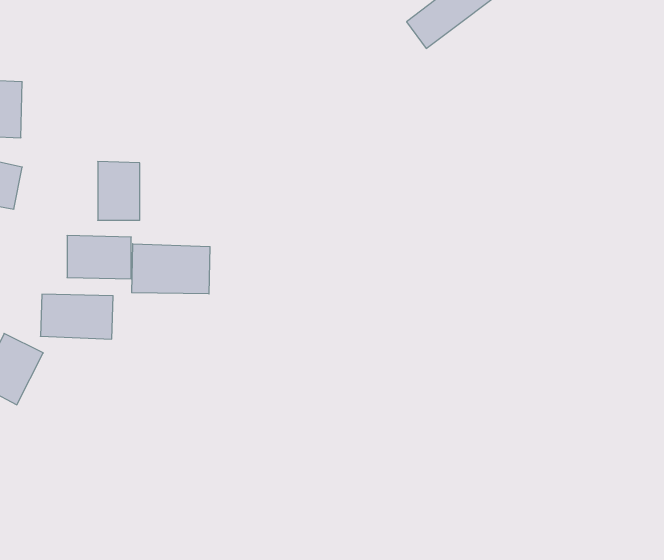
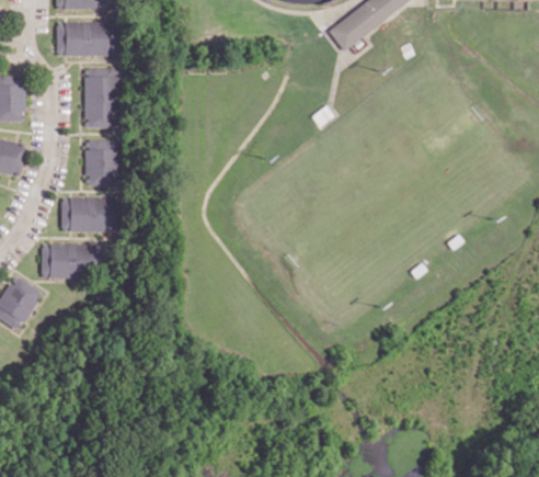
building: none -> [56,21,107,57]
building: none -> [83,68,117,128]
building: [132,244,210,294] -> none

